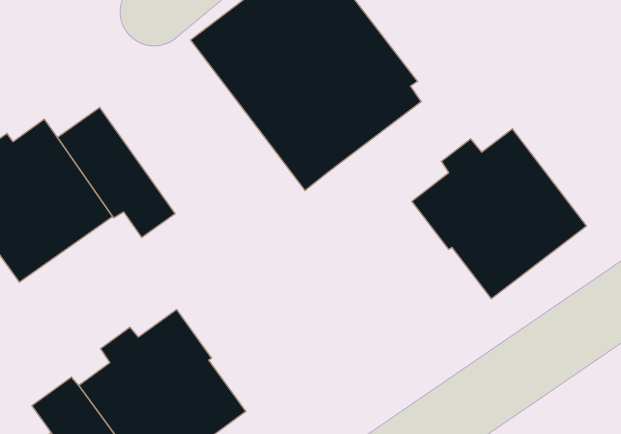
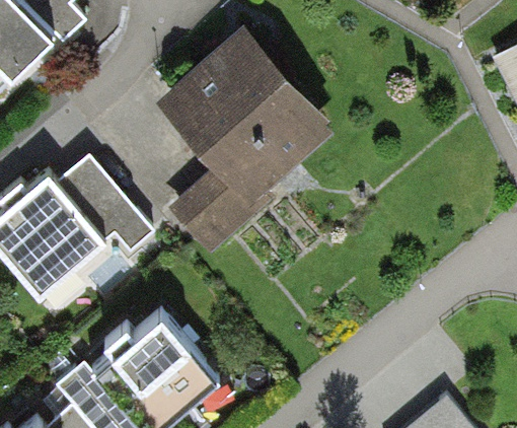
building: [412,129,586,299] -> none
building: none -> [168,166,275,256]

